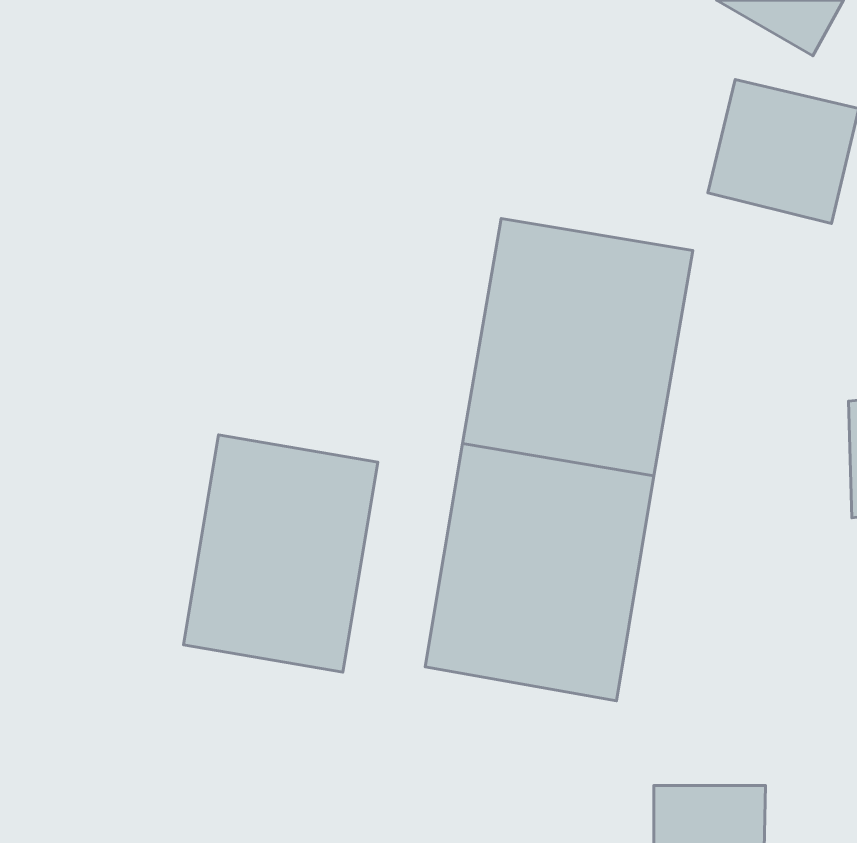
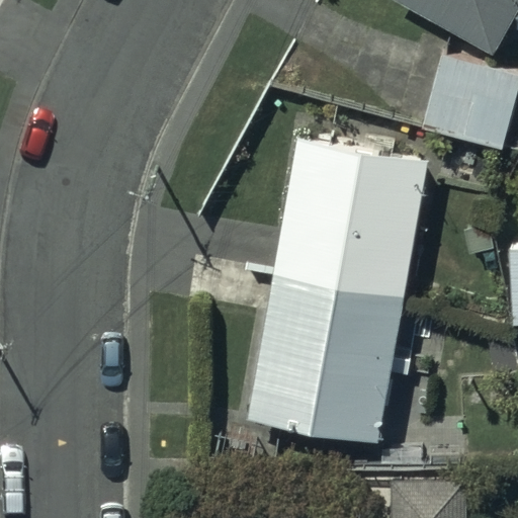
building: [184,435,378,672] -> none

